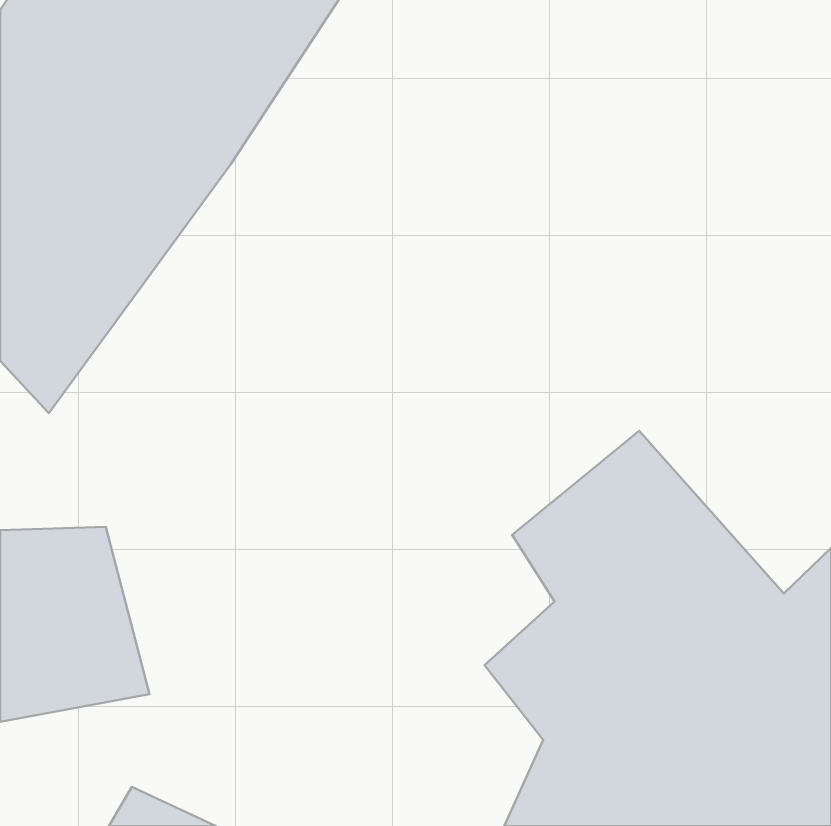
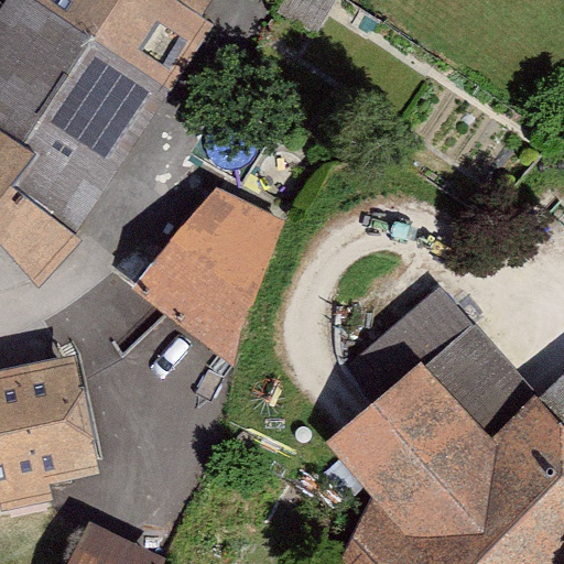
building: none -> [130,184,275,361]

